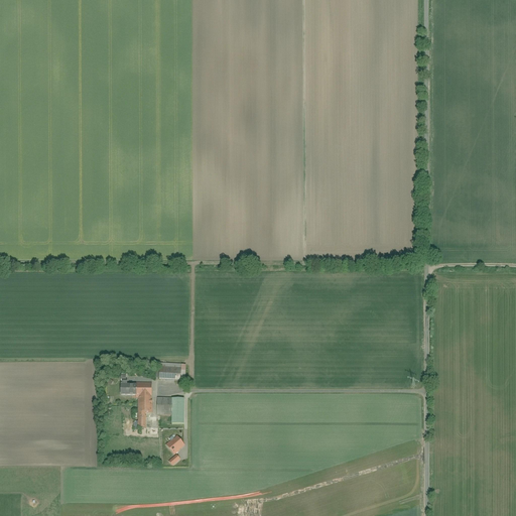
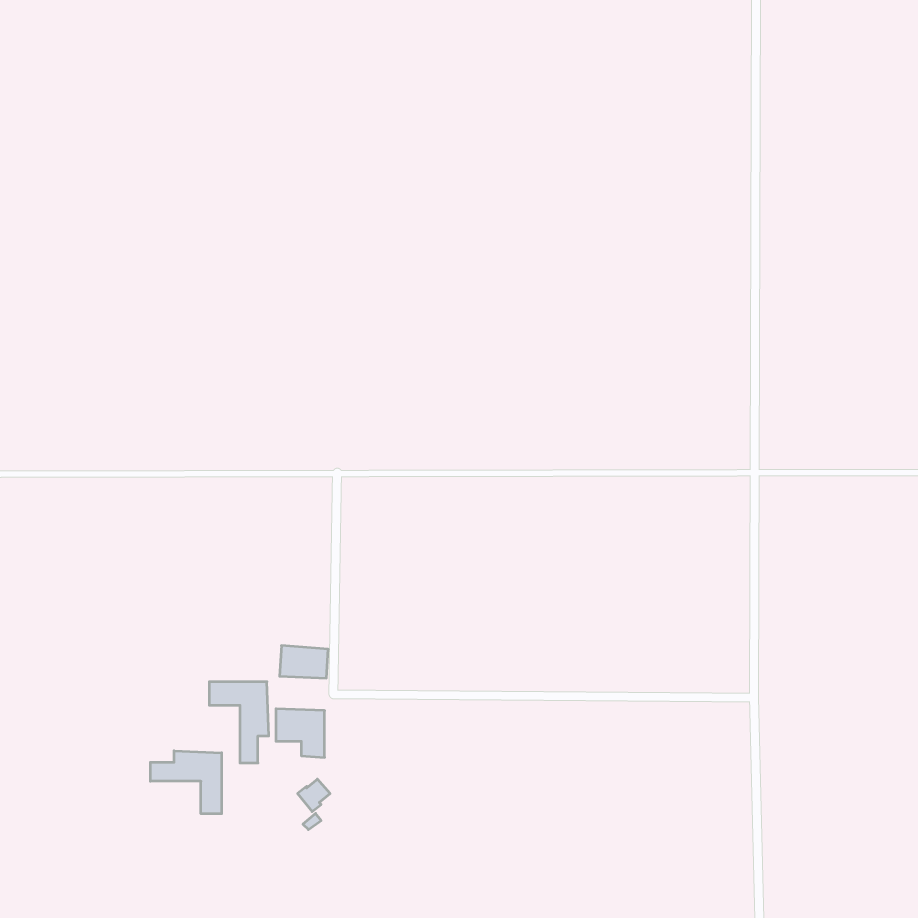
building: none -> [150,751,222,814]

